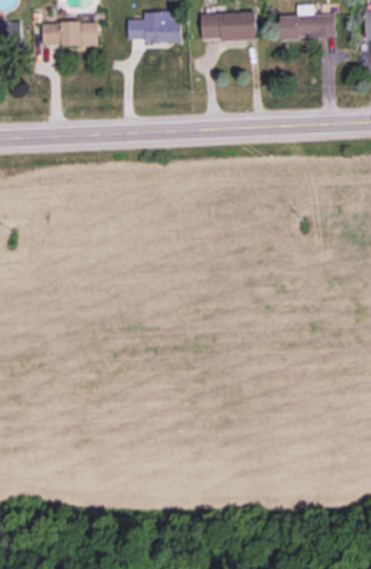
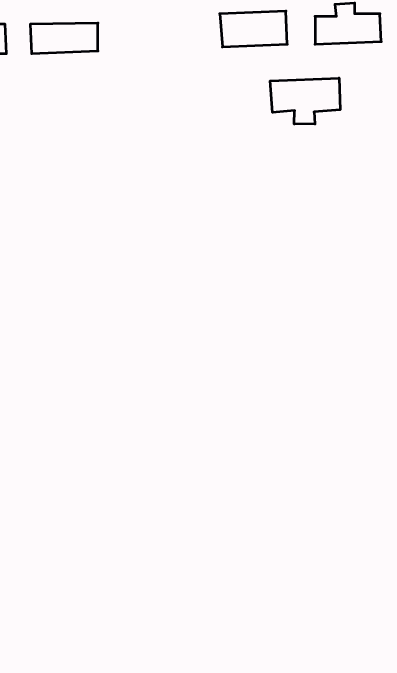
building: [127,11,181,42] -> none
building: none -> [270,78,340,124]

